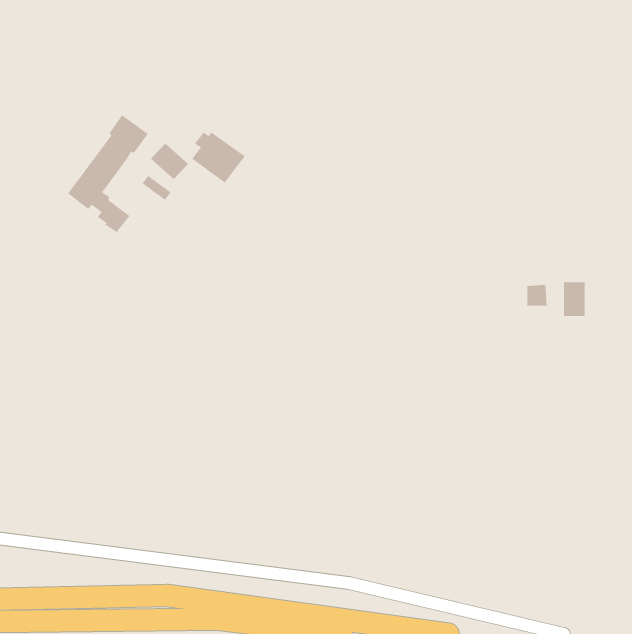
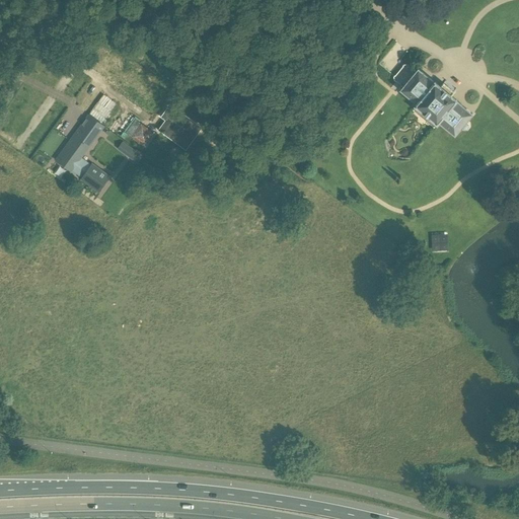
building: none -> [398,69,471,136]
building: [563,282,586,317] -> none

